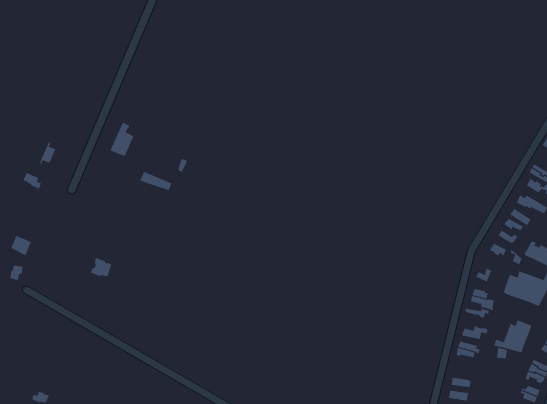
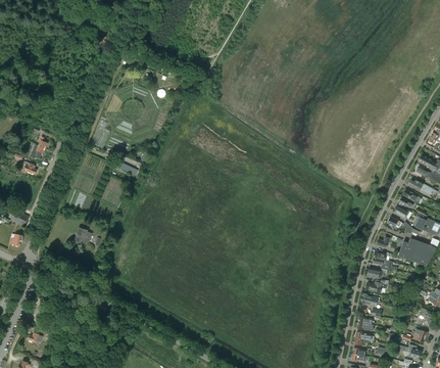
building: [494,319,532,353] -> none

